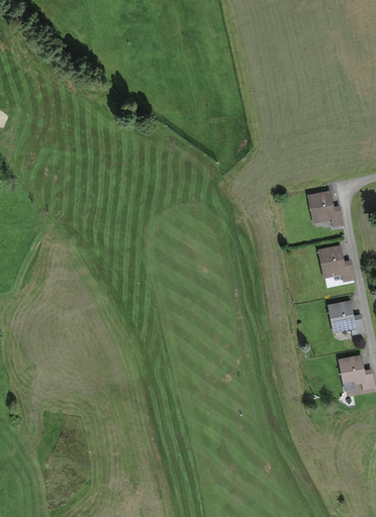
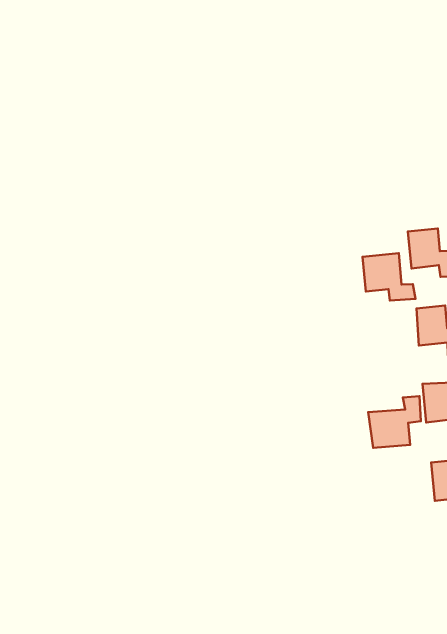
building: none -> [362,253,415,300]
building: none -> [368,396,421,448]

